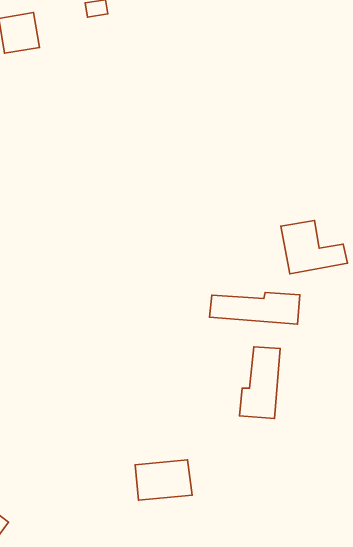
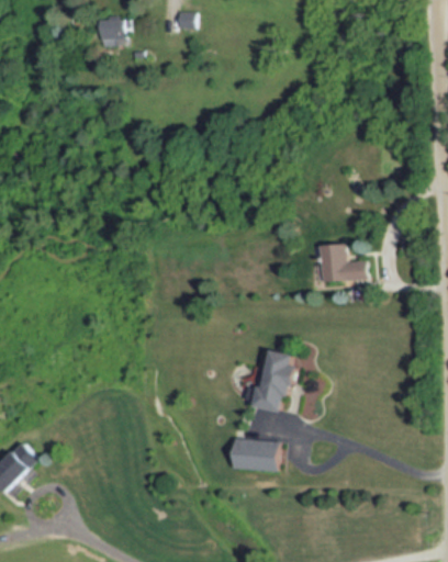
building: [210,293,300,324] -> none
building: [135,460,192,500] -> [234,437,283,472]

